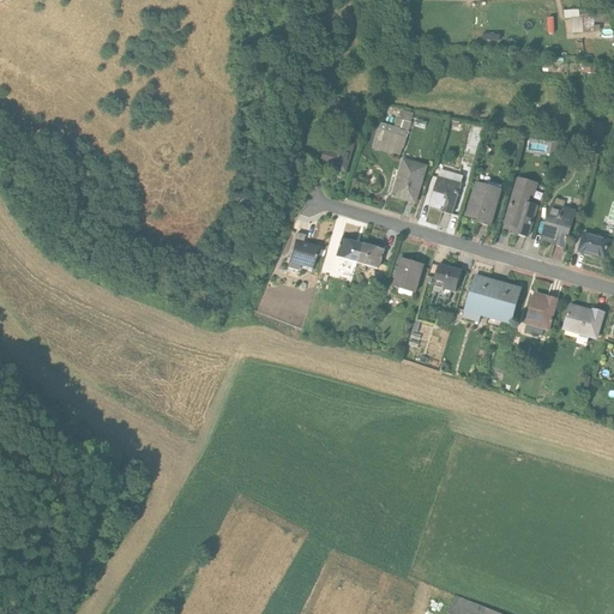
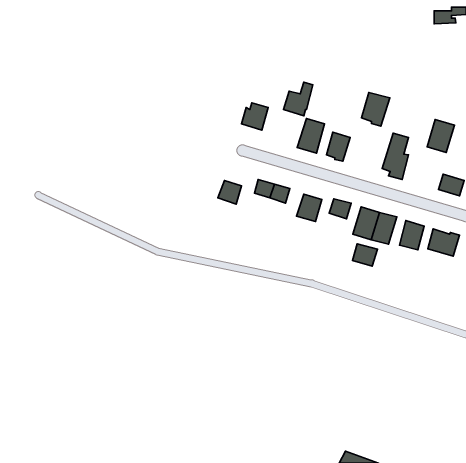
building: [464,180,501,224] -> [362,92,390,126]
building: [540,203,576,246] -> [427,120,454,152]
building: none -> [352,244,378,266]

